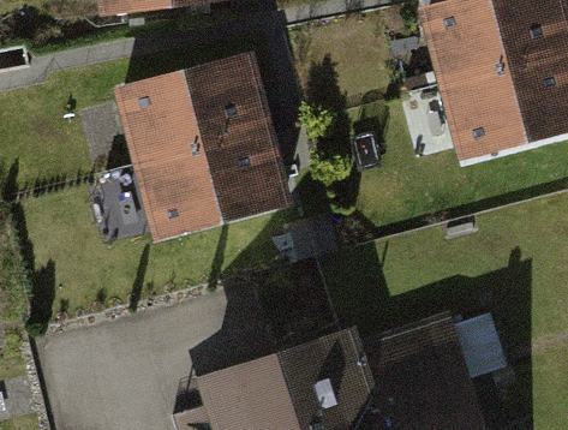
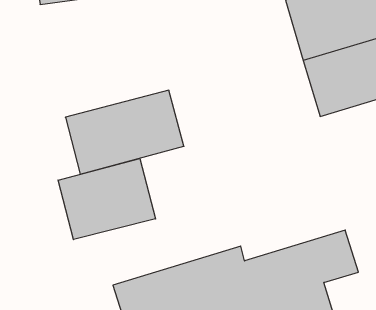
building: [115,55,268,160] -> none
building: none -> [58,159,156,240]

